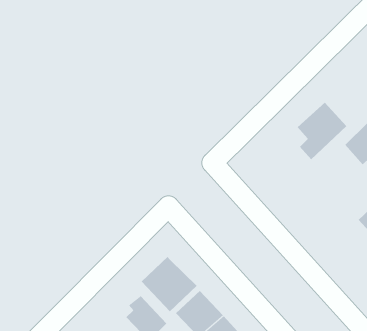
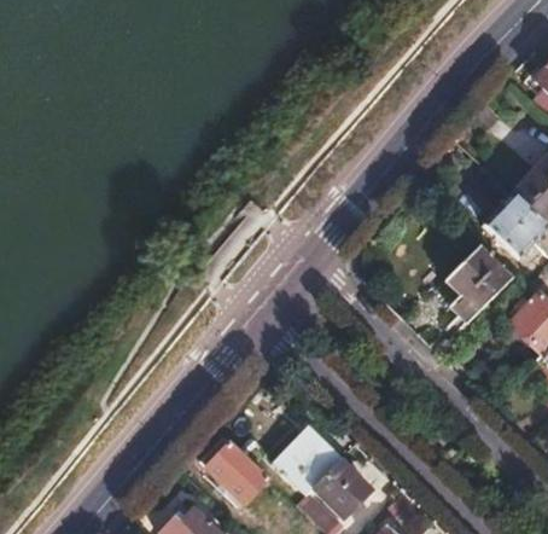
building: [297,102,347,160] -> [445,244,512,323]
building: [141,256,198,312] -> none

